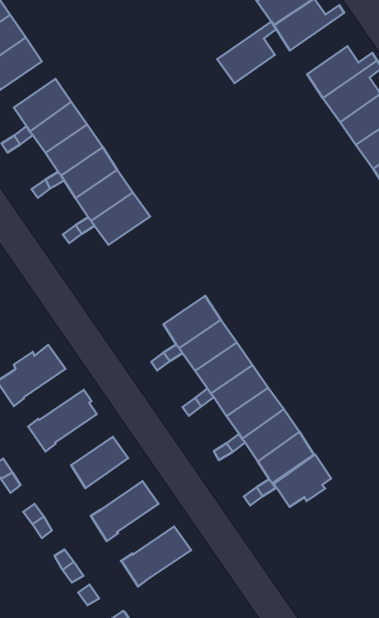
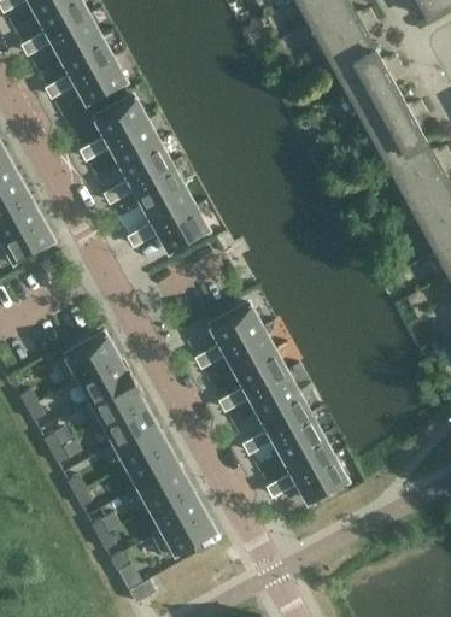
building: [217,22,276,83] -> [347,64,403,116]
building: none -> [78,358,133,401]
building: none -> [102,401,154,445]
building: none -> [125,443,177,487]
building: none -> [150,487,201,530]

